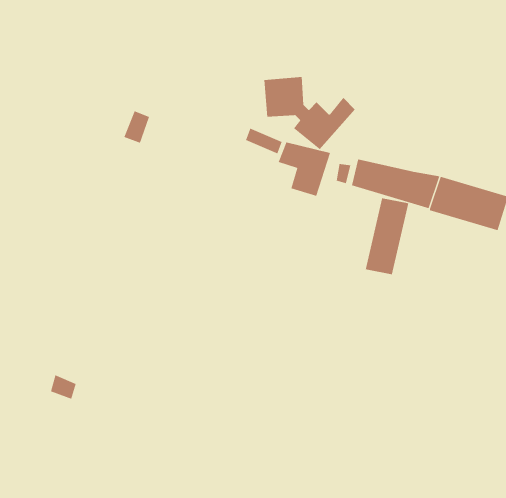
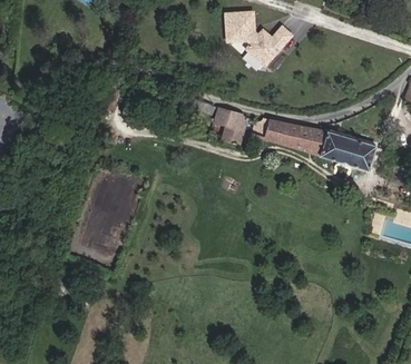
building: [263,77,356,150] -> [225,12,291,65]
building: [365,198,409,275] -> none

